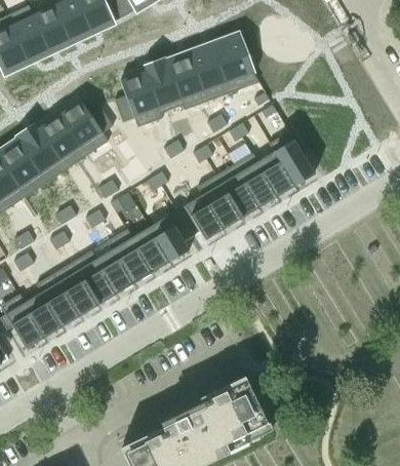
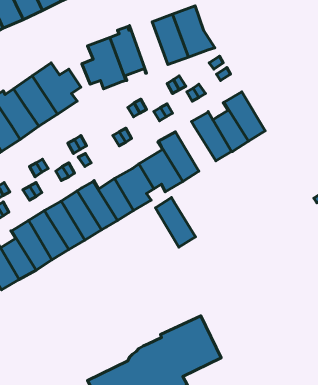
building: [165,55,207,112] -> none
building: [215,165,259,220] -> [155,197,196,247]

